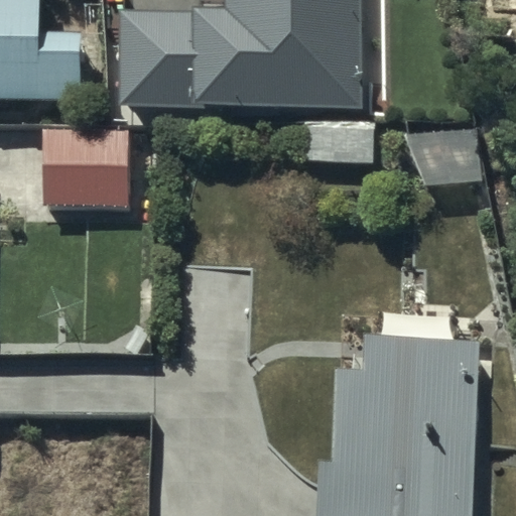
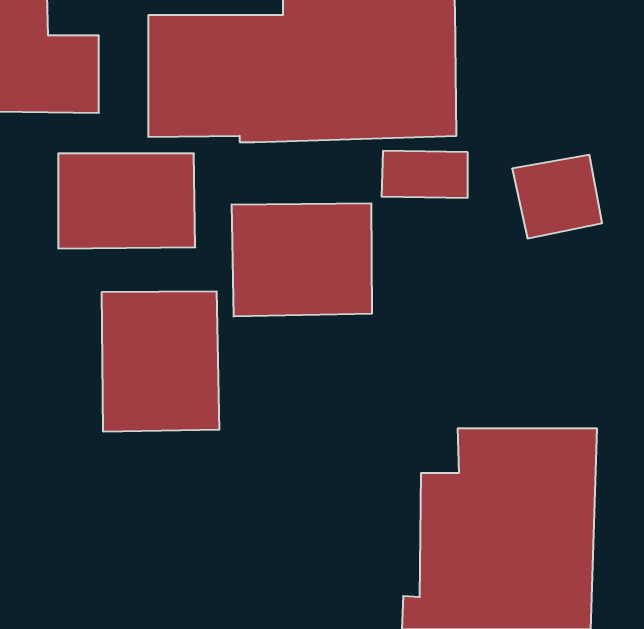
building: none -> [232,203,372,317]
building: none -> [102,291,219,432]

